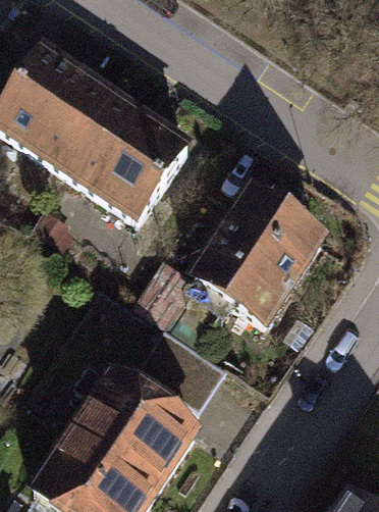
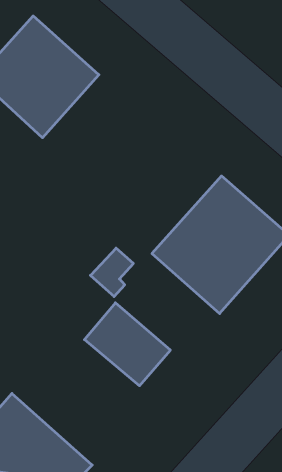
building: [66,98,188,219] -> none
building: [67,369,200,492] -> none

